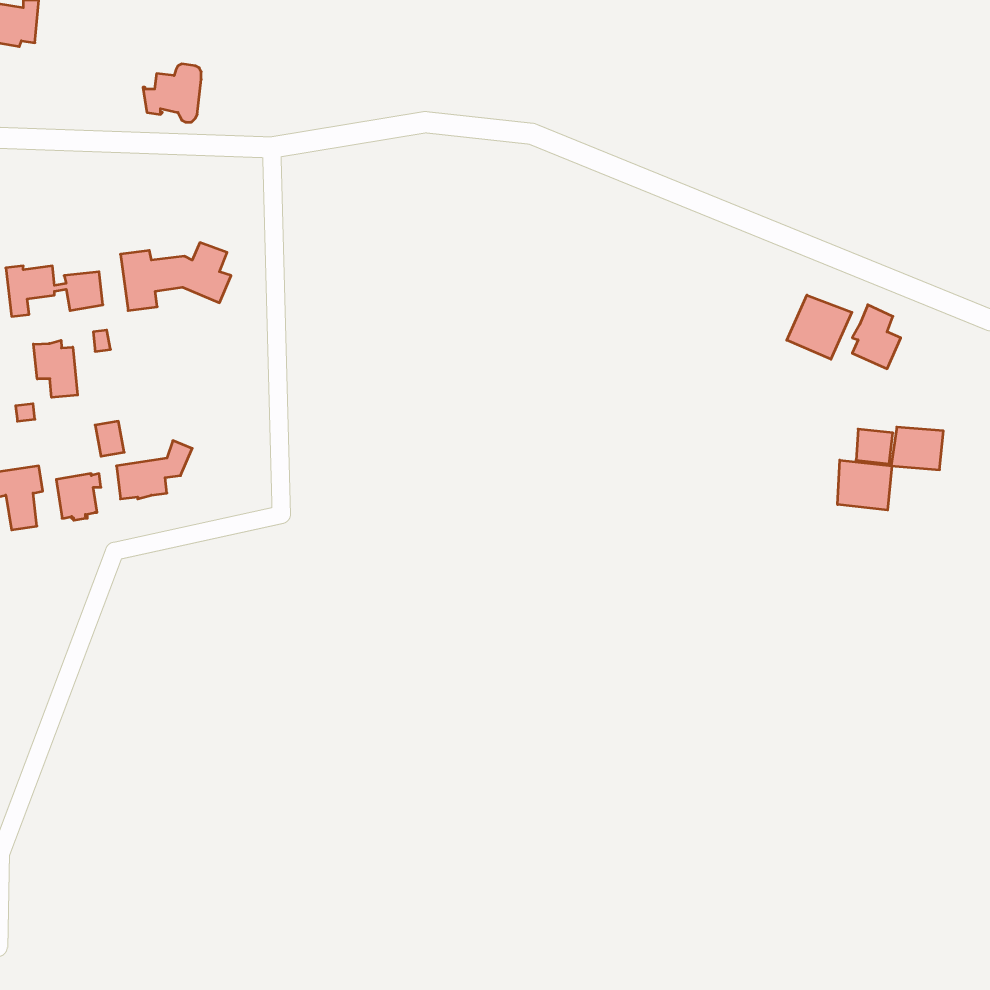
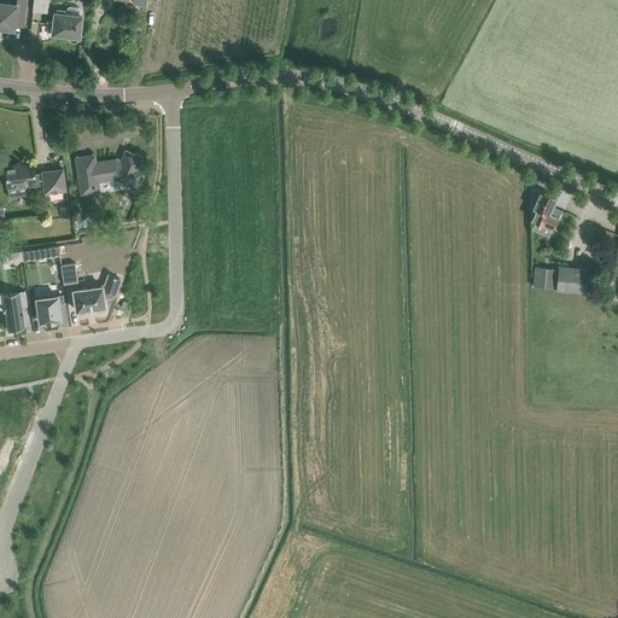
building: [143,64,201,122] -> [45,7,81,43]
building: [787,295,852,359] -> none
building: [33,340,78,397] -> none
building: [838,460,892,510] -> none

